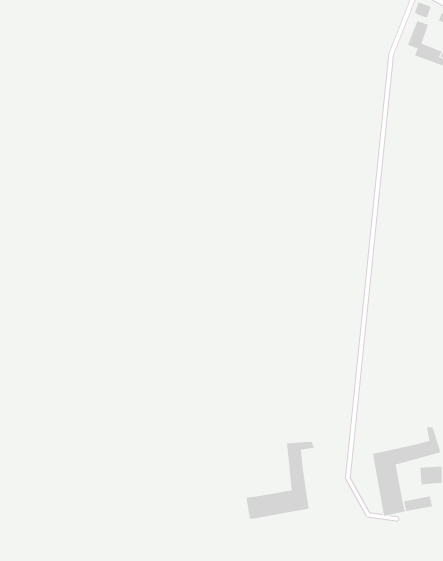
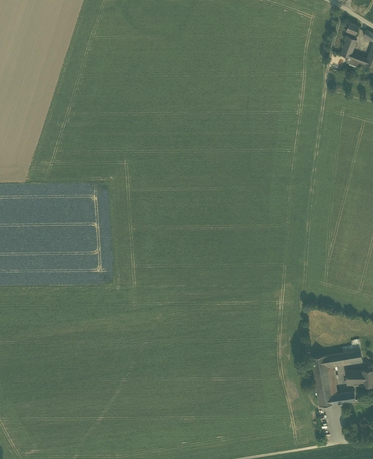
building: [246,441,314,520] -> none

